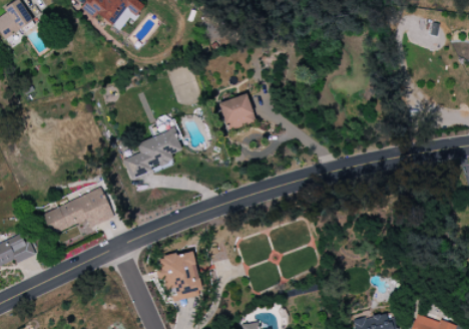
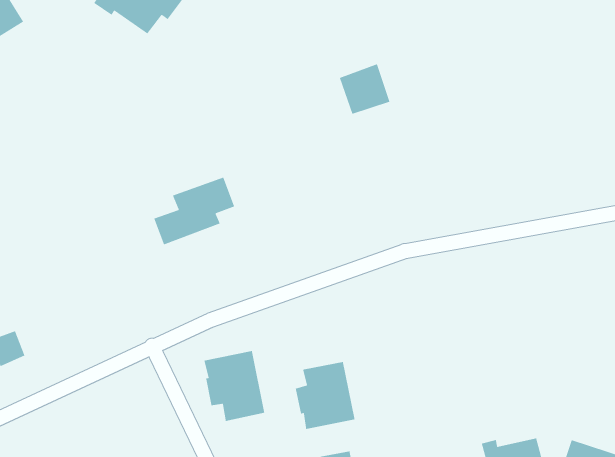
building: [219,92,256,128] -> [339,63,391,115]
building: [42,188,113,234] -> none
building: none -> [295,361,355,430]

